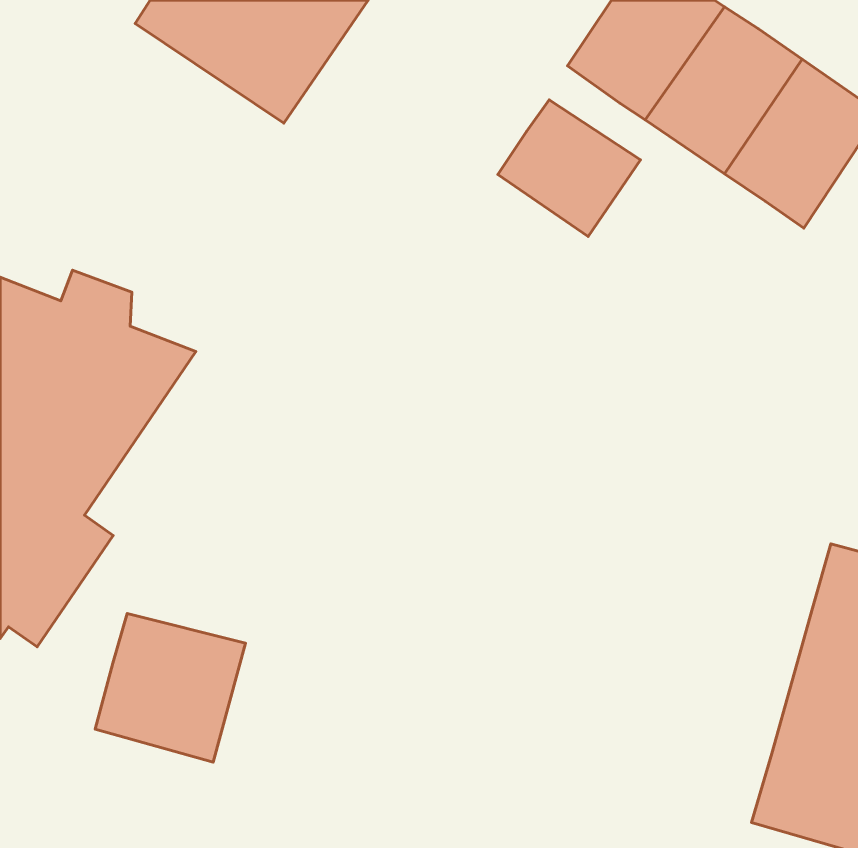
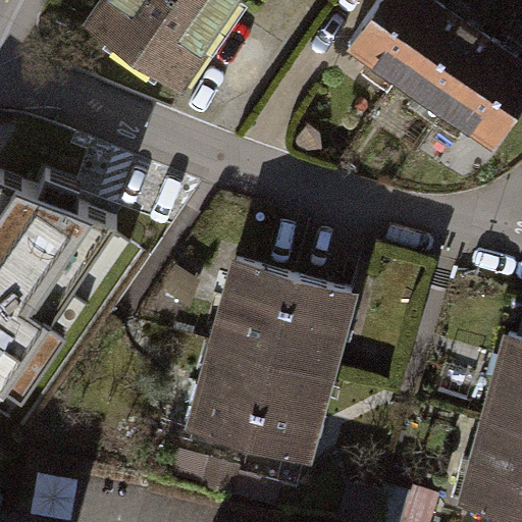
building: [498,100,640,237] -> none
building: none -> [187,263,346,462]
building: [95,613,246,762] -> none

